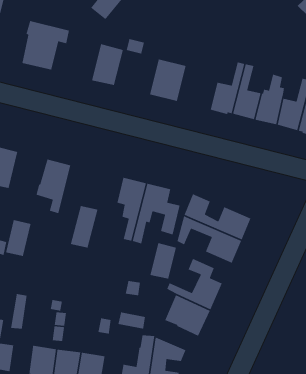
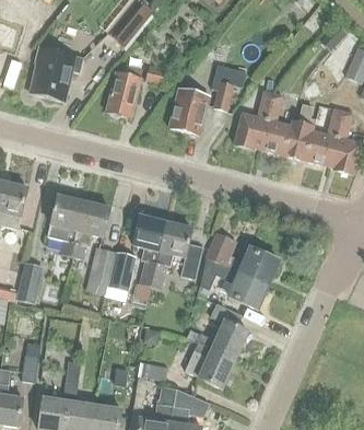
building: none -> [211,65,245,112]
building: none -> [71,202,109,258]
building: [150,242,177,280] -> [105,251,134,291]

